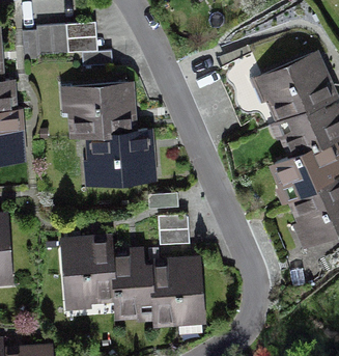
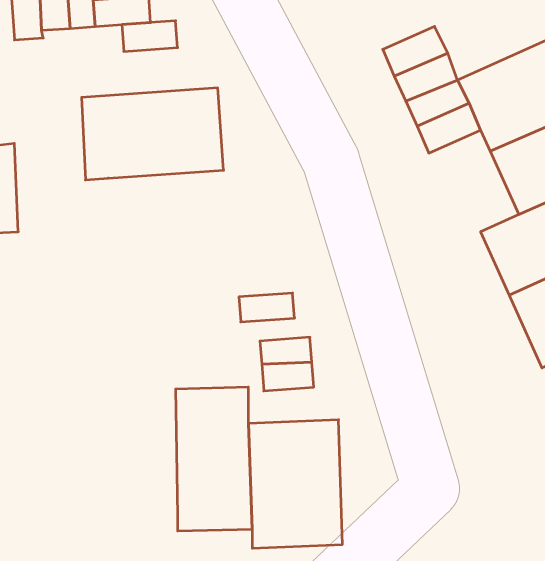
building: [75,129,153,189] -> none
building: [58,238,112,318] -> none

